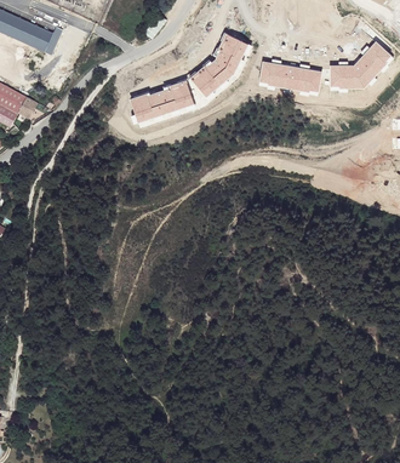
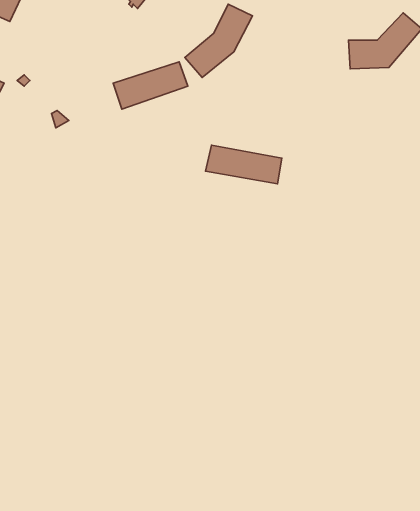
building: [257,61,321,93] -> [206,145,282,184]

